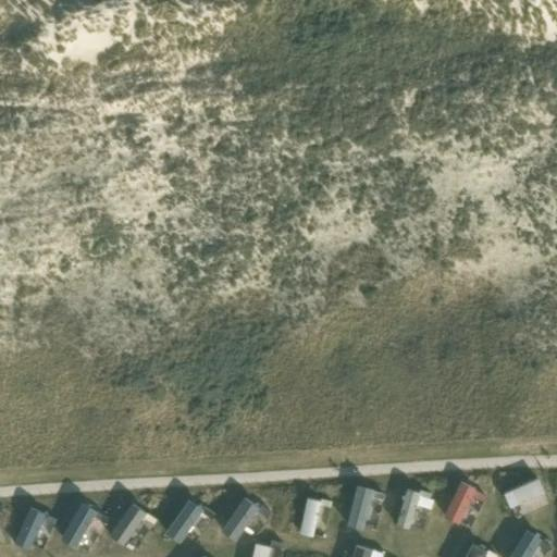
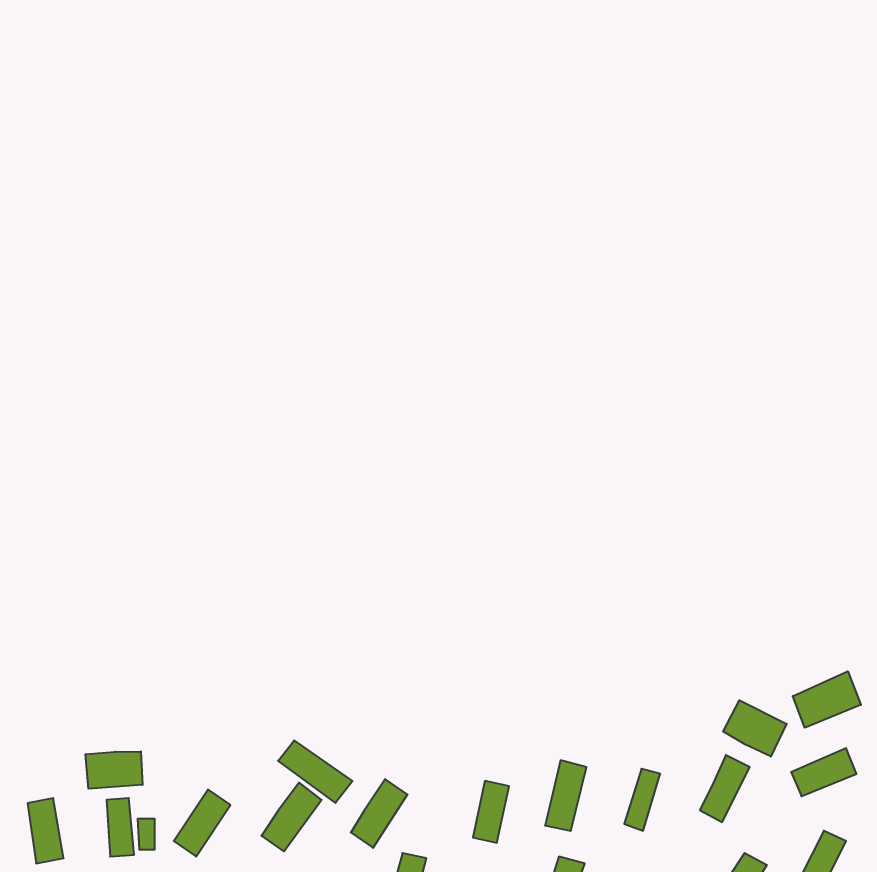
building: none -> [793,671,861,728]
building: none -> [723,700,787,757]
building: none -> [278,740,352,803]
building: none -> [85,751,143,789]

